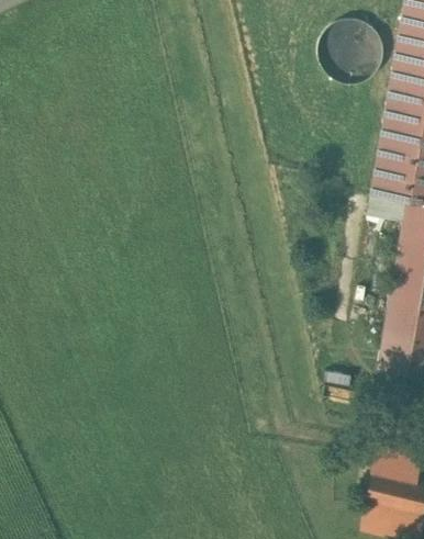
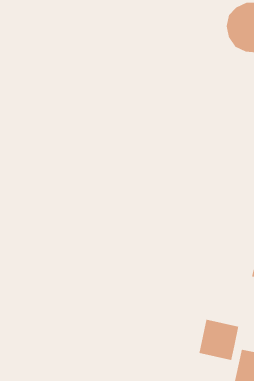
building: none -> [199,319,239,361]

